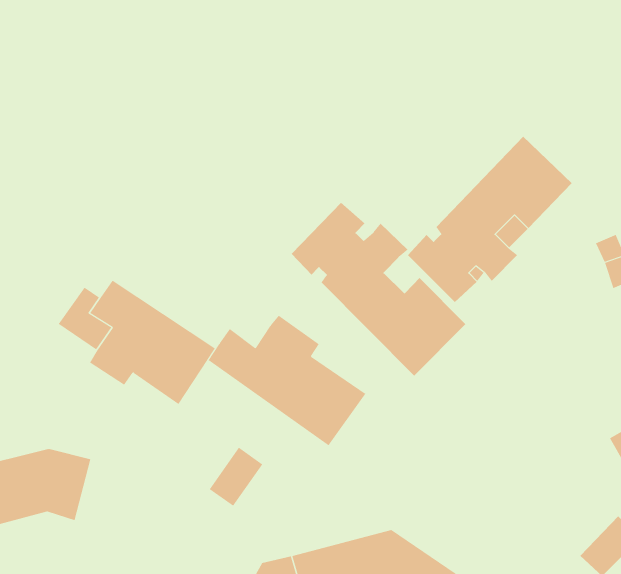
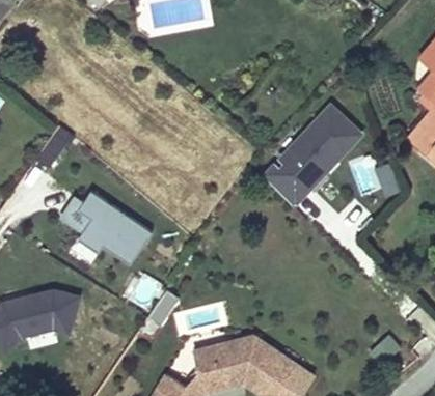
building: [291,202,466,376] -> none
building: [208,315,366,446] -> none

